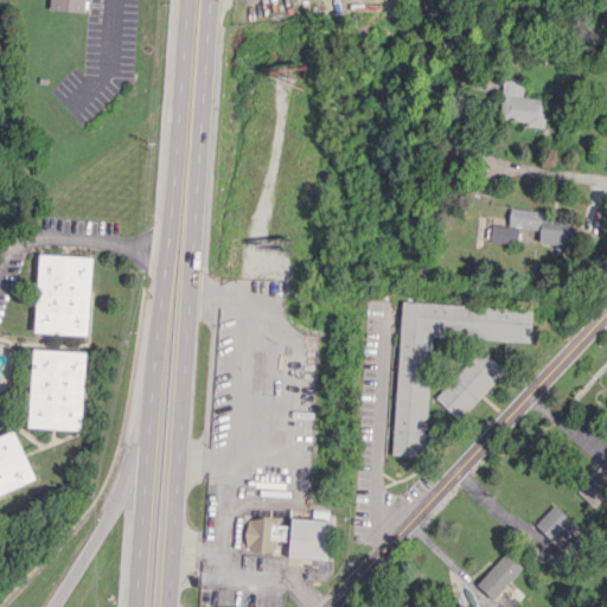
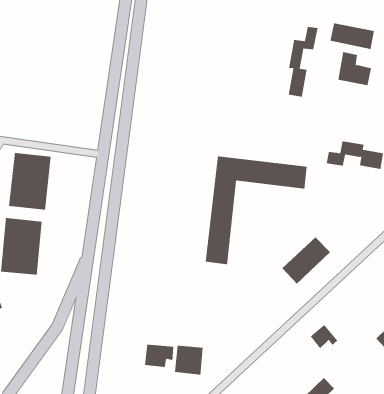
building: none -> [330,22,375,50]
building: none -> [288,26,318,98]
building: [392,302,532,459] -> [205,156,308,265]
building: [536,505,577,542] -> [310,324,338,349]

